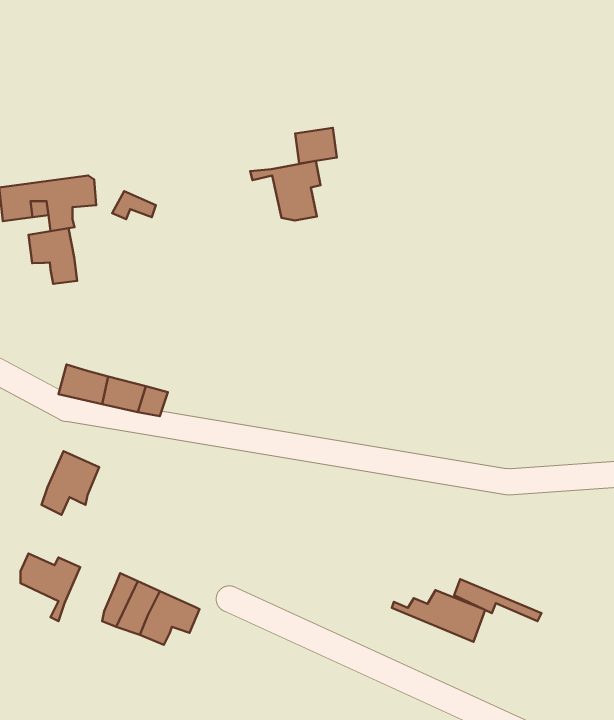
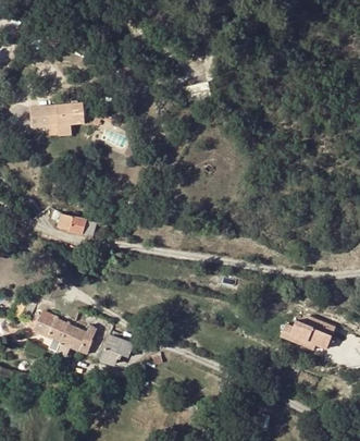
building: [250,161,321,221] -> none
building: [28,228,77,284] -> none
building: [42,451,99,515] -> [54,321,86,356]
building: [392,590,485,642] -> [274,318,325,346]

